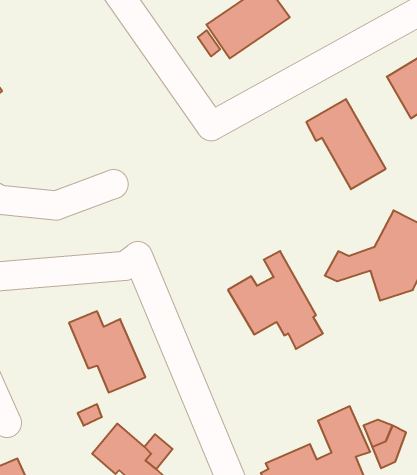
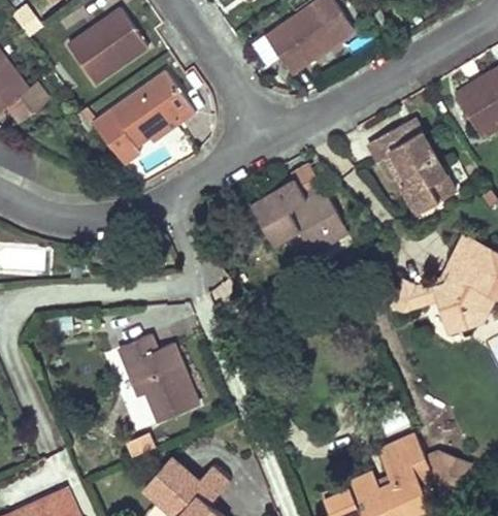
building: none -> [68,10,147,86]
building: none -> [92,74,194,166]
building: [228,251,323,349] -> [253,156,354,260]

